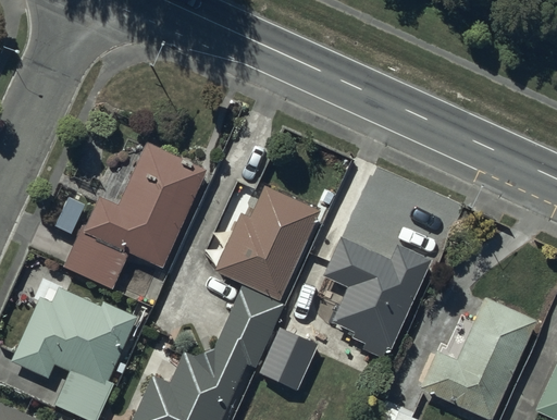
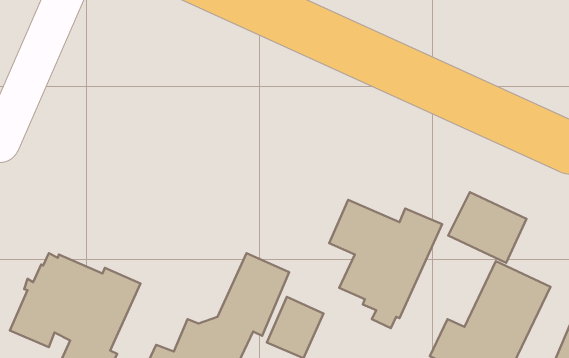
building: [63,141,208,289] -> none
building: [215,186,321,300] -> none
building: none -> [448,192,526,263]

